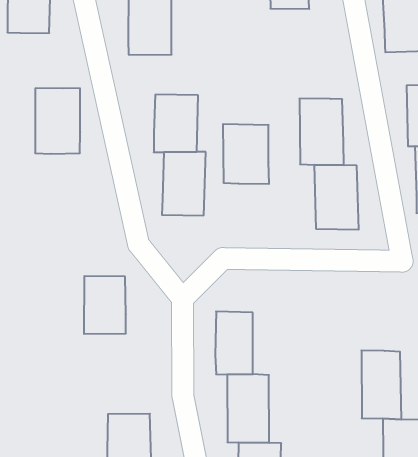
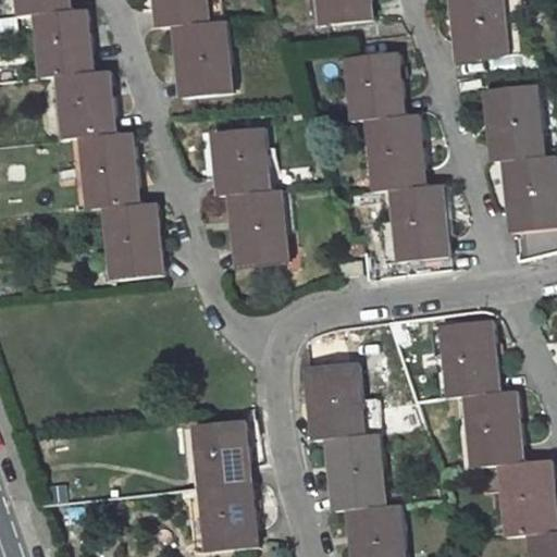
building: none -> [60,78,113,144]
building: [223,124,269,184] -> [348,54,406,123]
building: none -> [108,207,161,282]
building: [84,276,126,334] -> [195,422,247,490]
building: none -> [441,313,495,392]

